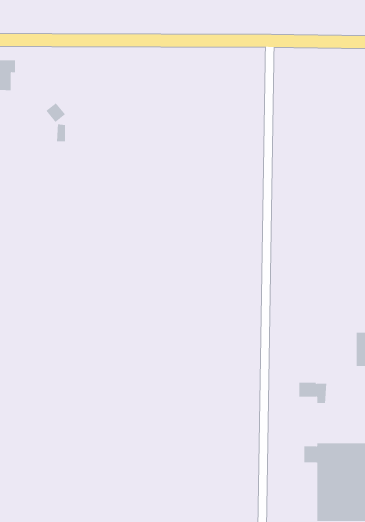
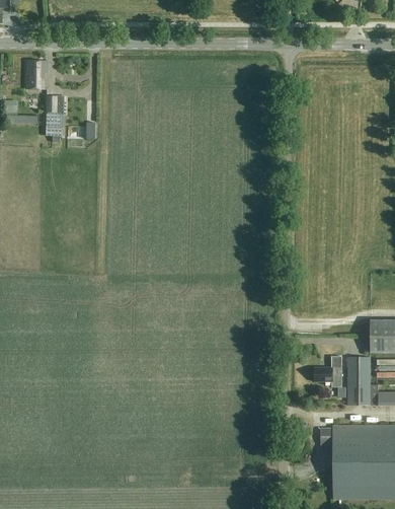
building: none -> [46,95,63,126]
building: none -> [346,356,371,405]

